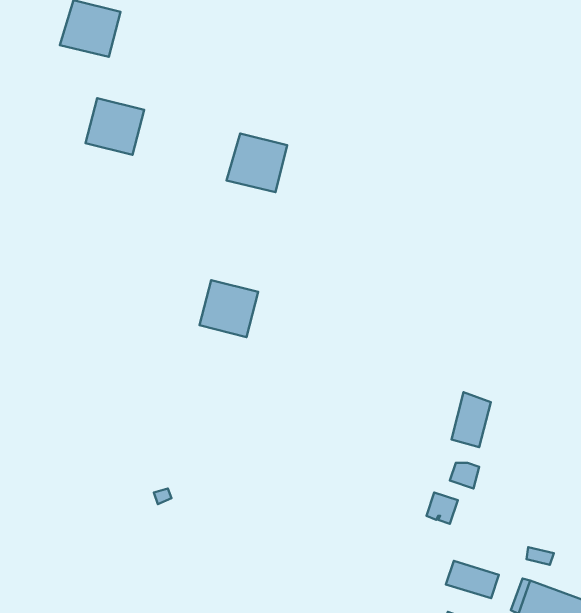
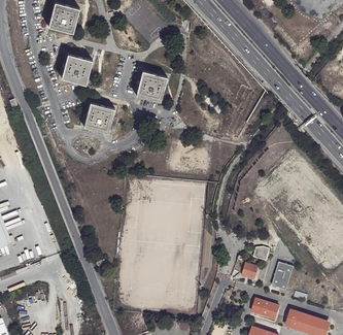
building: [199,280,258,337] -> [83,103,114,133]
building: [452,392,491,447] -> [271,260,291,289]

